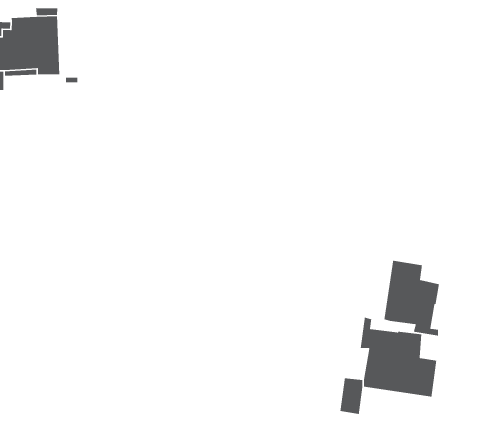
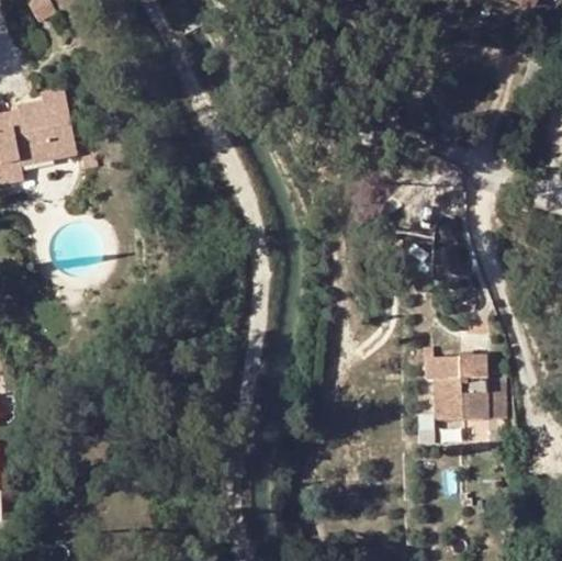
building: [384,260,440,337] -> none

